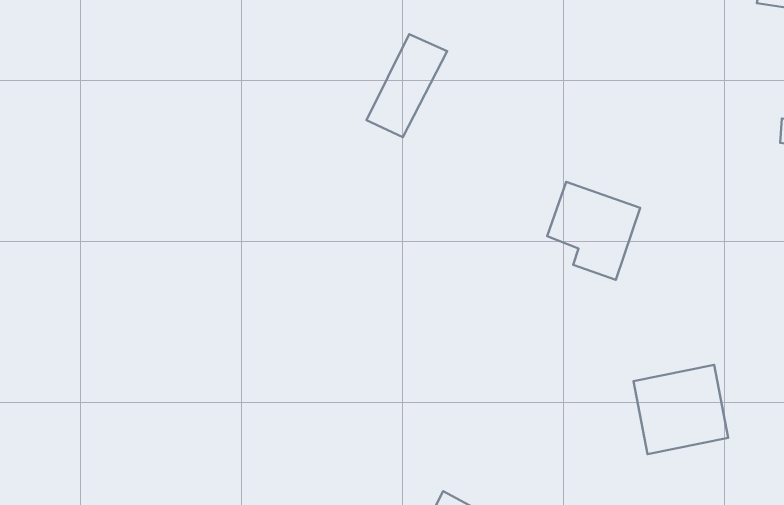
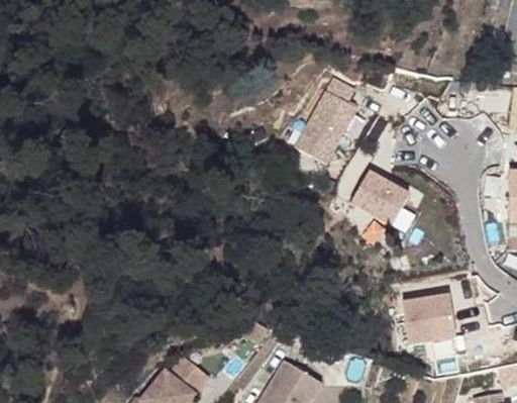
building: [366,34,447,137] -> [309,92,363,157]

